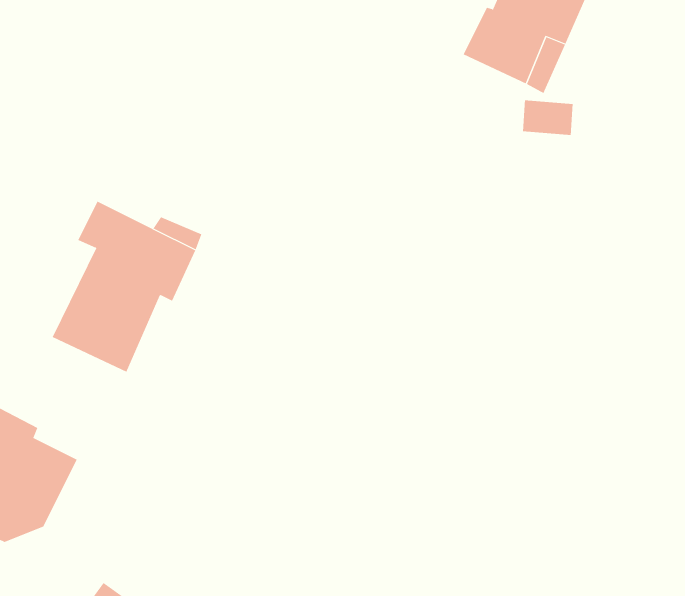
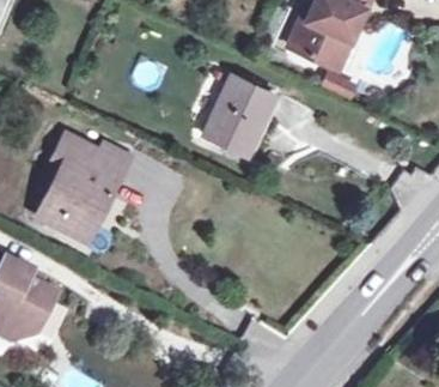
building: none -> [205,74,275,153]

